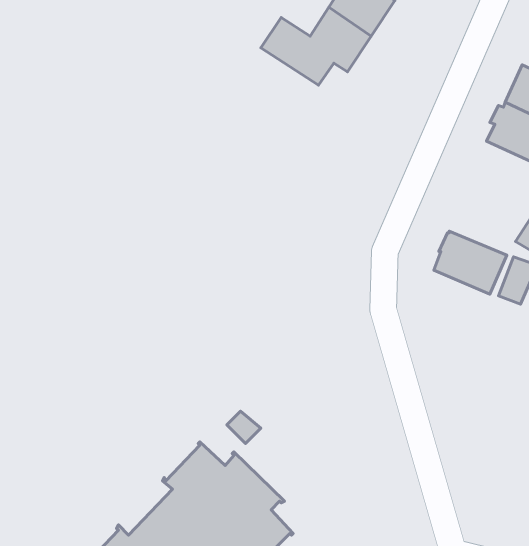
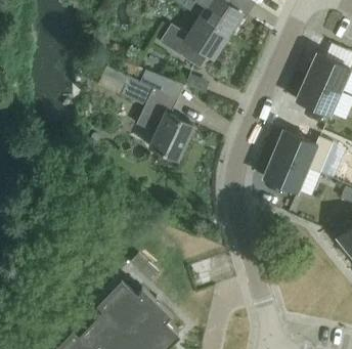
building: none -> [103,67,194,162]
building: none -> [273,131,317,169]

